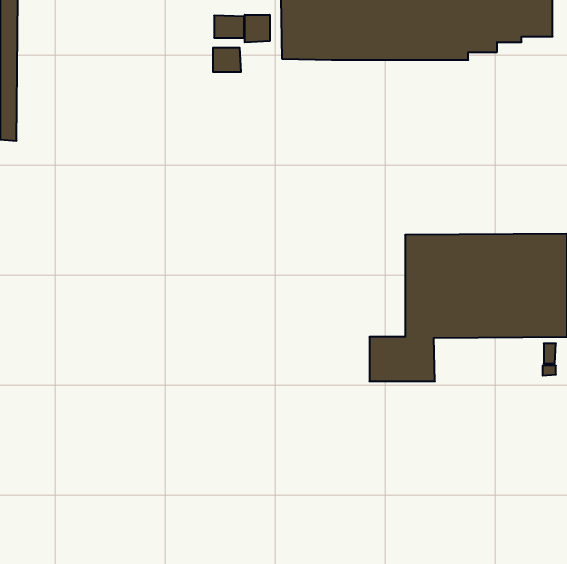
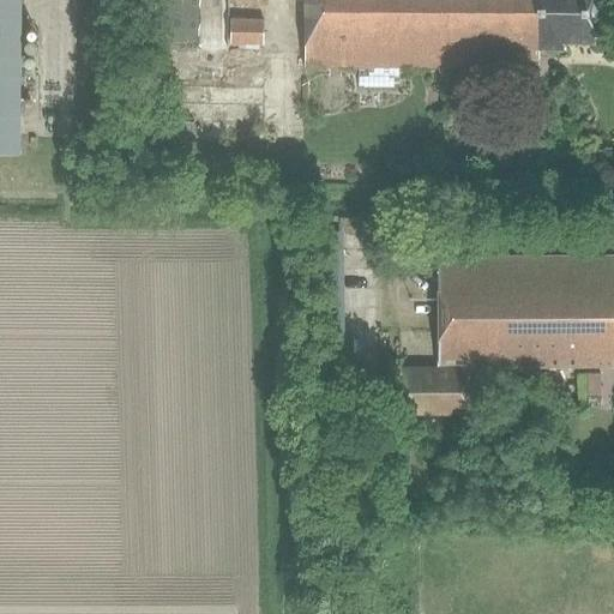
building: [245,15,270,42] -> none
building: [213,48,241,72] -> none

